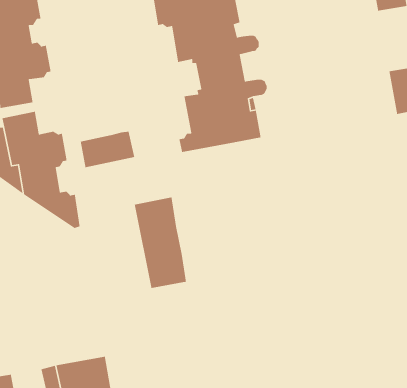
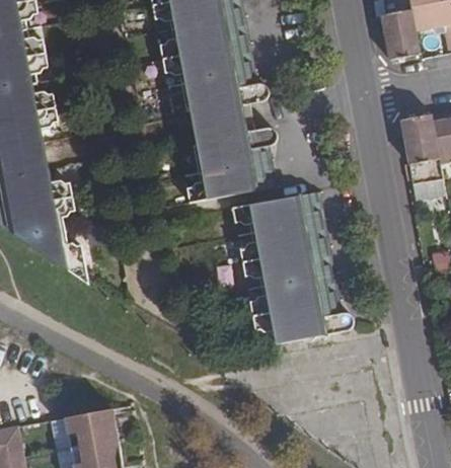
building: [80,131,135,168] -> none
building: none -> [233,191,353,342]
building: [134,197,187,289] -> none

